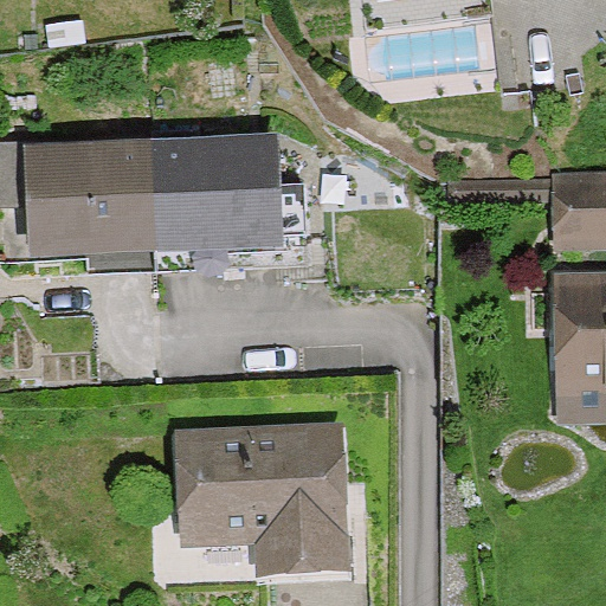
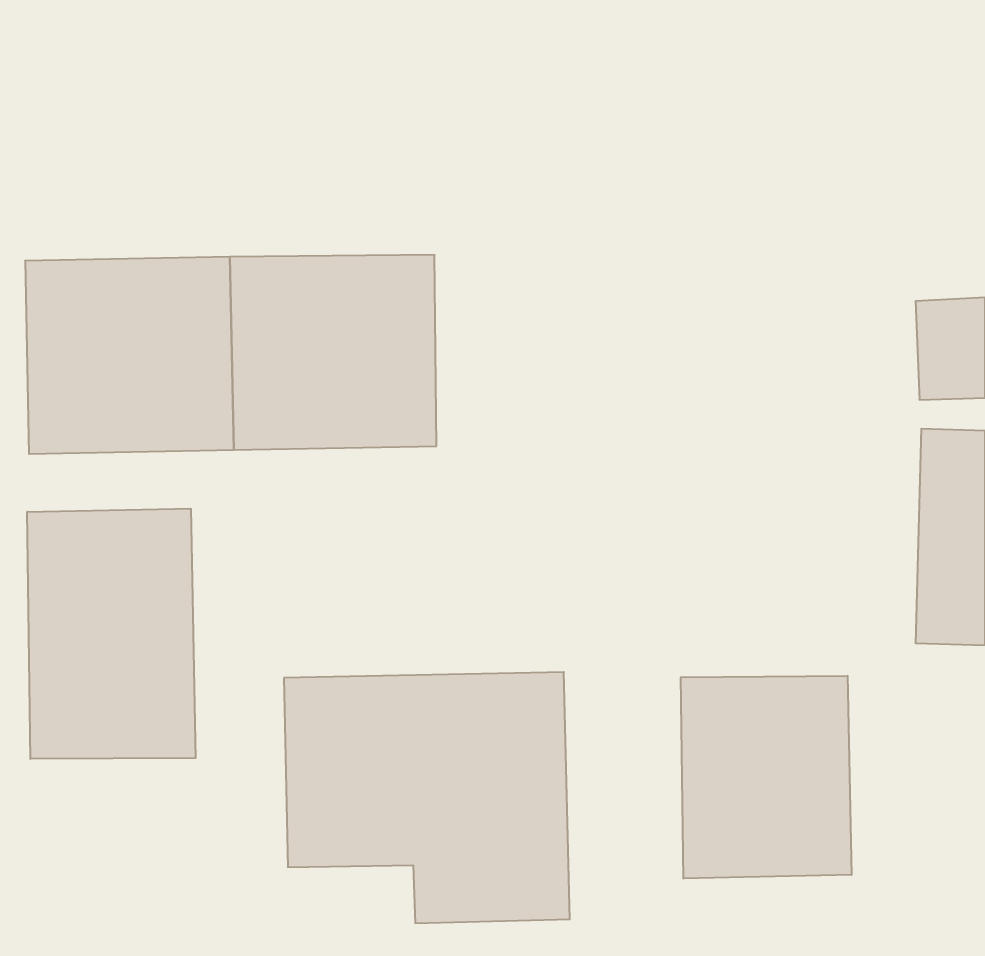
building: none -> [27,509,196,759]
building: none -> [681,676,852,879]

